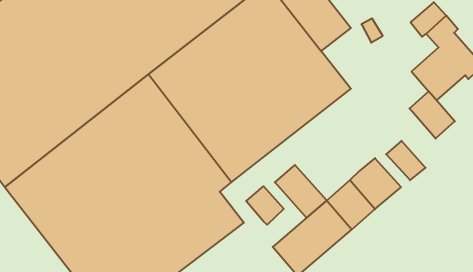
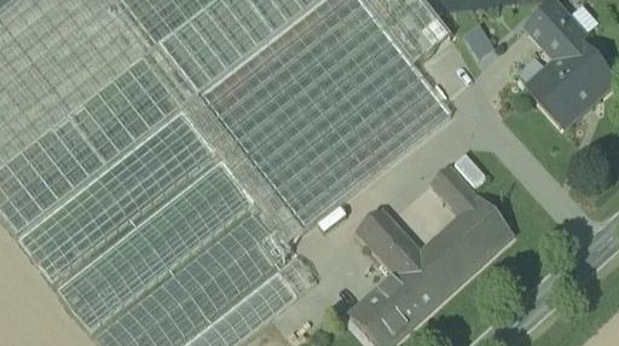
building: [409,91,455,139] -> none
building: [386,141,426,180] -> [432,166,481,215]
building: [246,186,284,225] -> none

